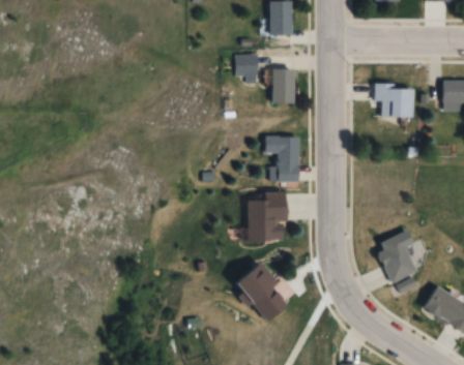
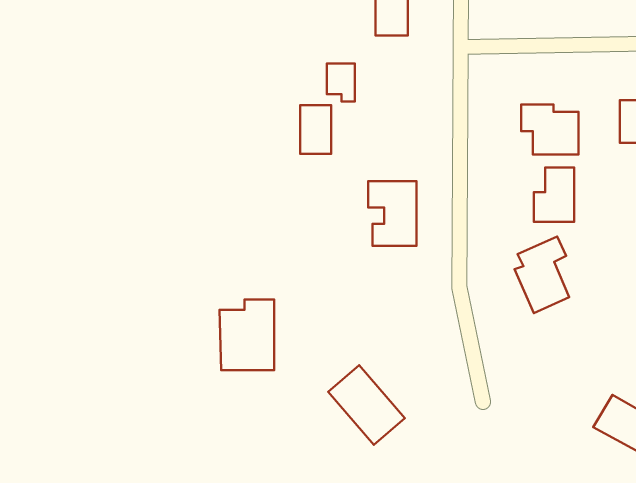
building: [272,69,294,103] -> [300,105,331,154]
building: none -> [534,168,574,222]
building: [248,192,286,242] -> [220,300,274,370]
building: [378,230,416,283] -> [515,237,569,313]

